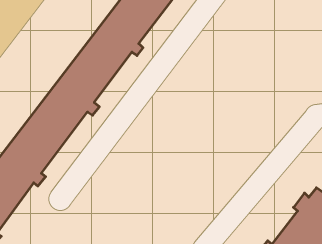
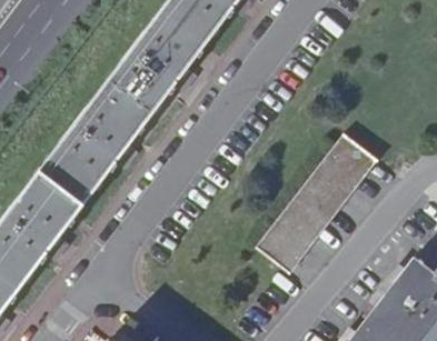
building: none -> [257,134,376,272]

